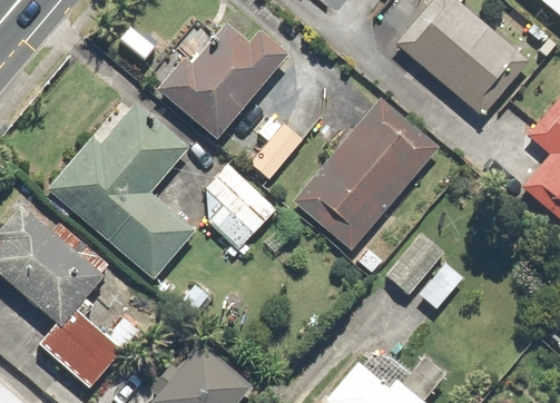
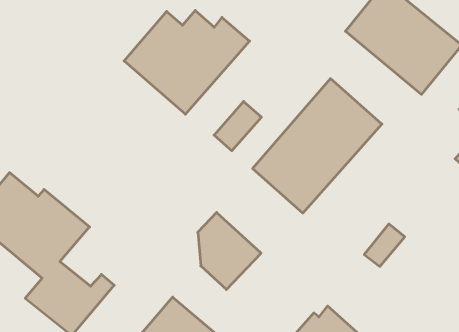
building: [50,102,196,277] -> none
building: [205,164,276,250] -> [198,212,261,290]
building: [383,233,443,295] -> none

